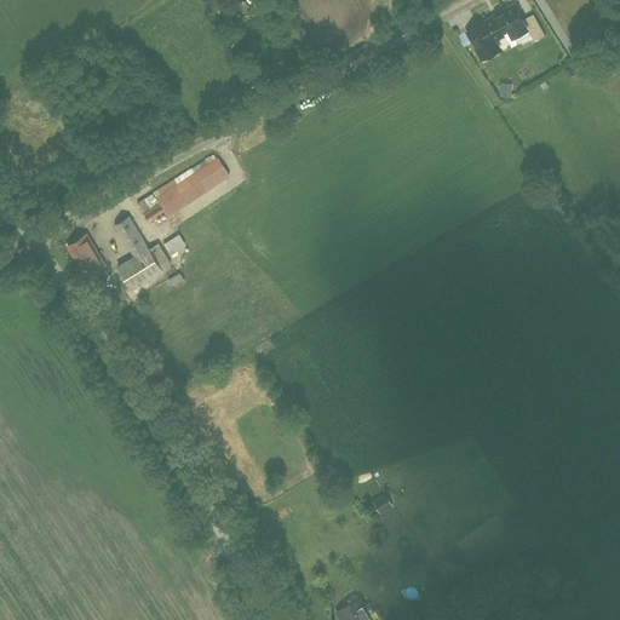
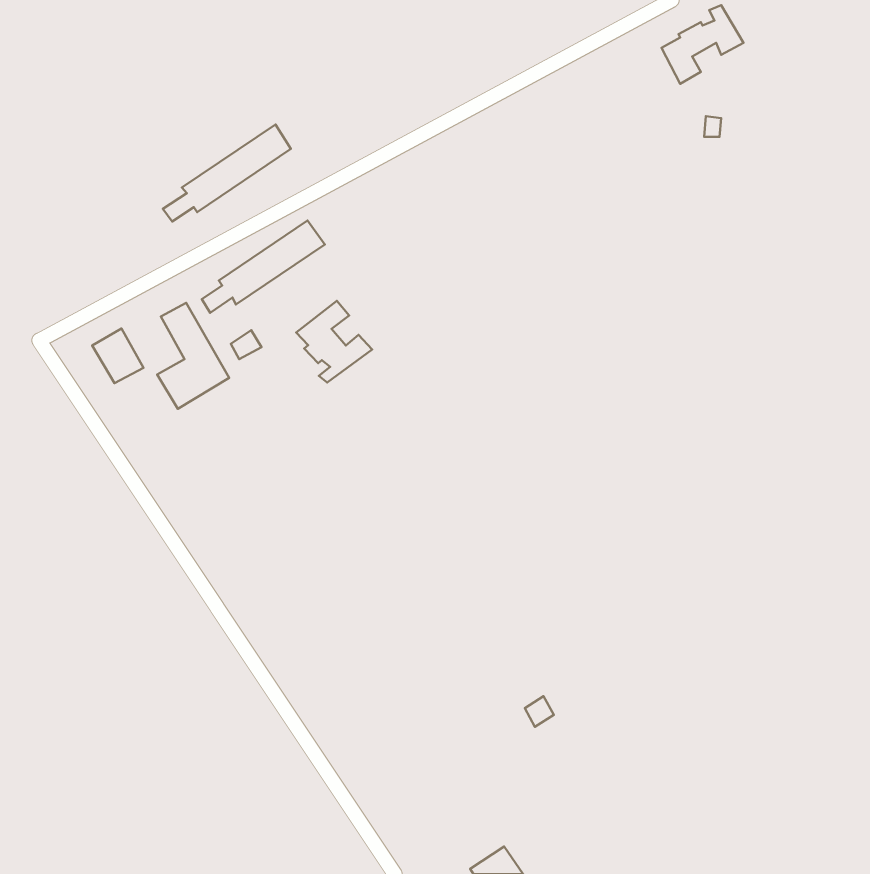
building: none -> [163,124,291,222]
building: none -> [296,301,372,383]

